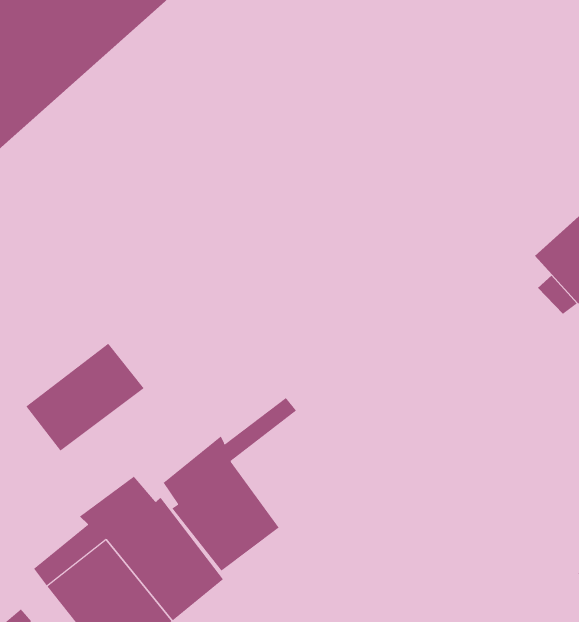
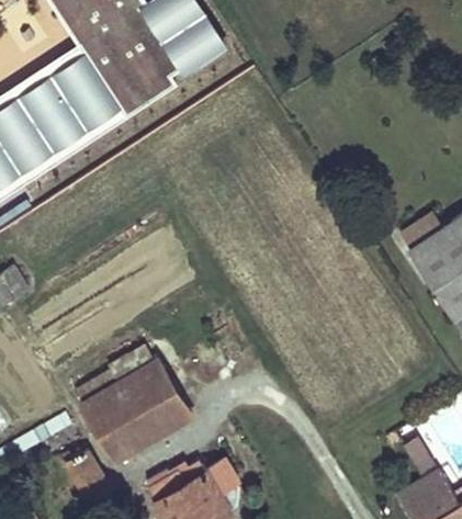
building: [26,343,144,452] -> none
building: [163,397,297,572] -> none

